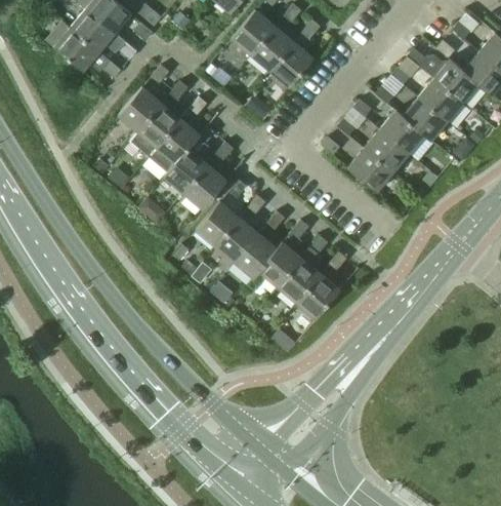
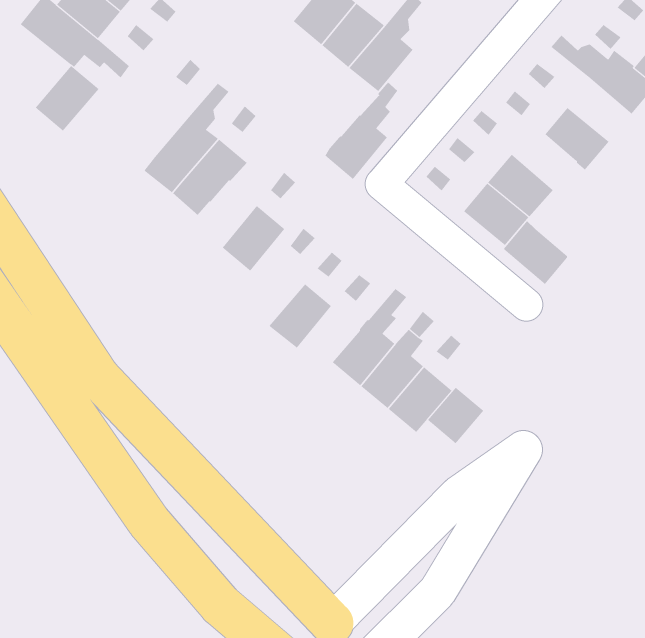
building: [418,78,462,121] -> none
building: [118,86,162,131] -> [35,65,100,132]
building: [380,110,424,154] -> [503,220,568,285]
building: [164,126,214,193] -> [324,82,398,180]
building: [196,201,240,246] -> none
building: [235,233,277,278] -> none
building: none -> [427,387,484,444]

